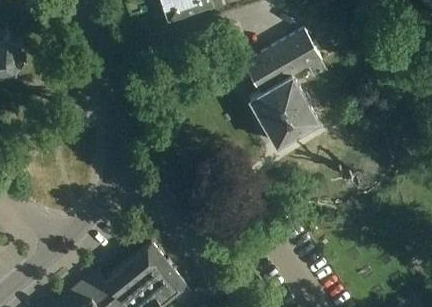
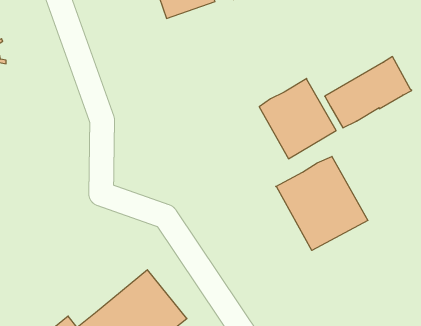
building: [243,27,320,90] -> [325,57,412,128]
building: none -> [276,156,368,250]

